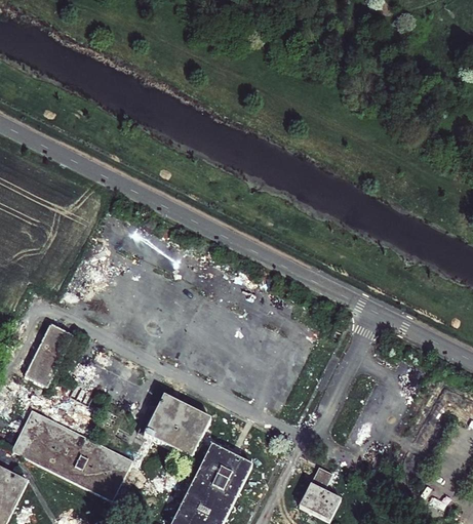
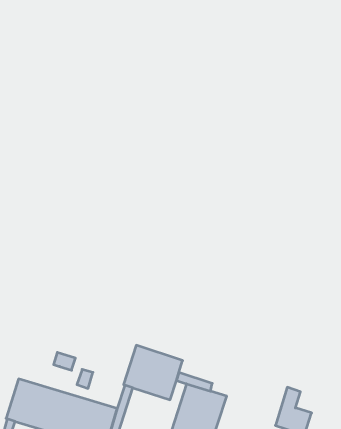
building: [24,324,73,388] -> none

